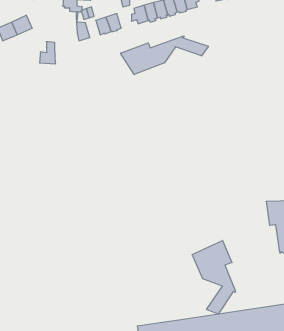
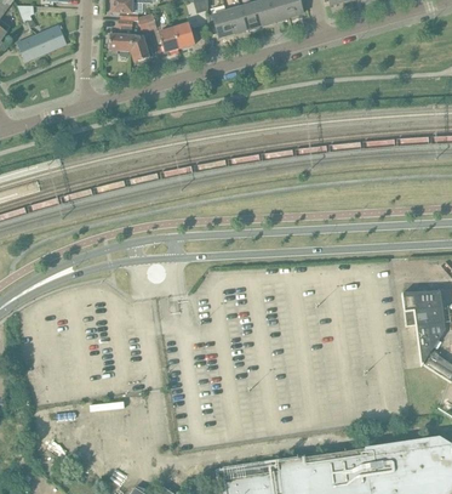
building: [121,36,208,75] -> none
building: [40,42,56,64] -> [109,18,132,50]
building: [192,240,236,314] -> none

